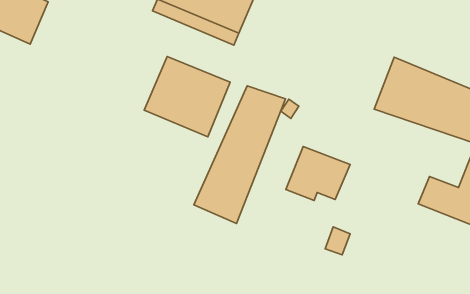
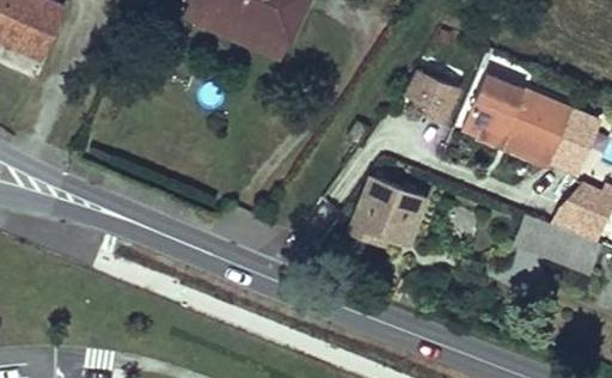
building: none -> [398,69,457,120]
building: [144,56,230,137] -> none
building: [194,86,285,224] -> none

